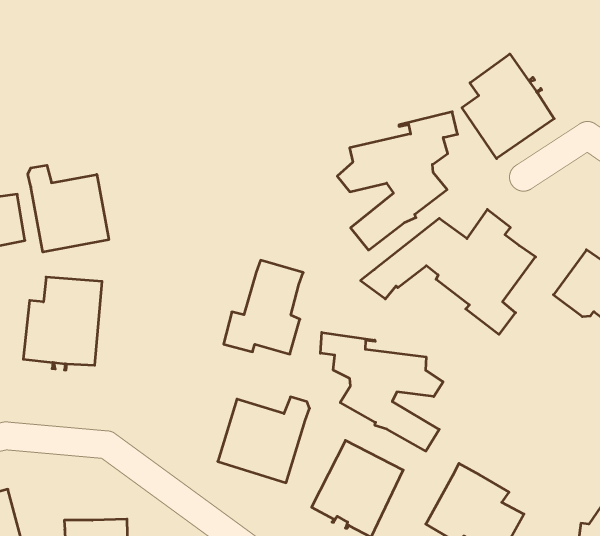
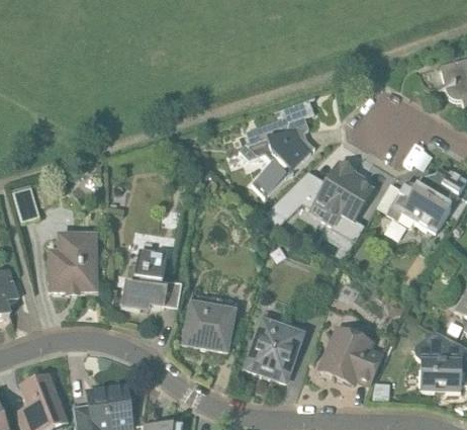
building: [462,54,554,159] -> none
building: [28,165,109,252] -> none
building: [224,260,303,354] -> [121,248,169,308]
building: [320,332,443,451] -> none

